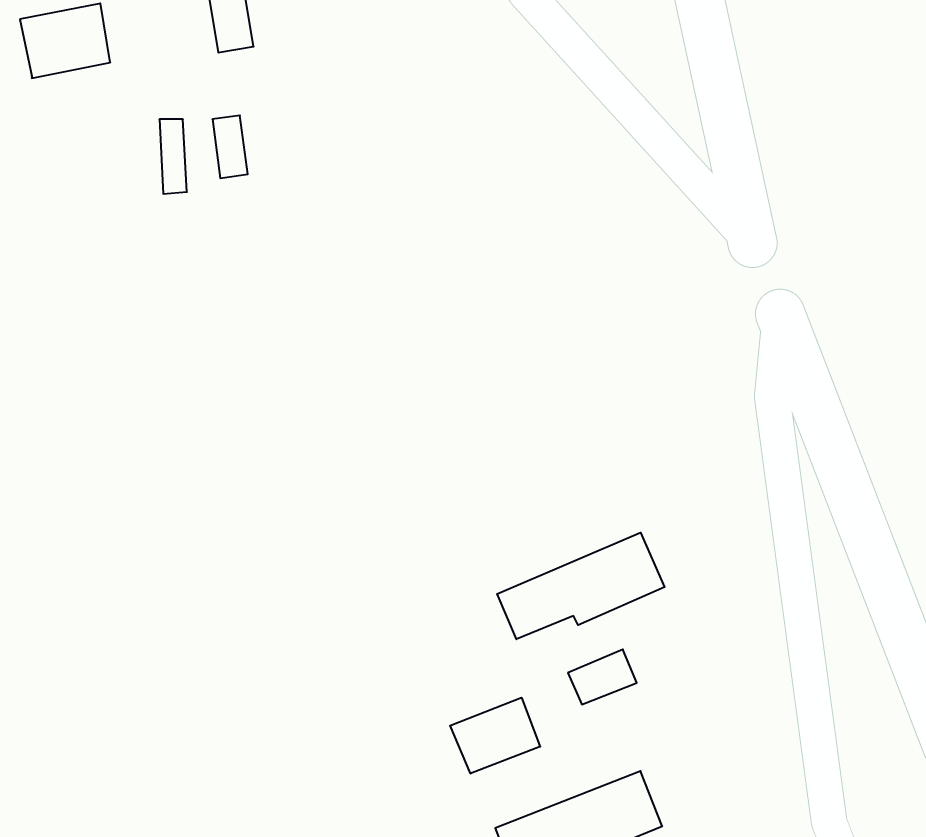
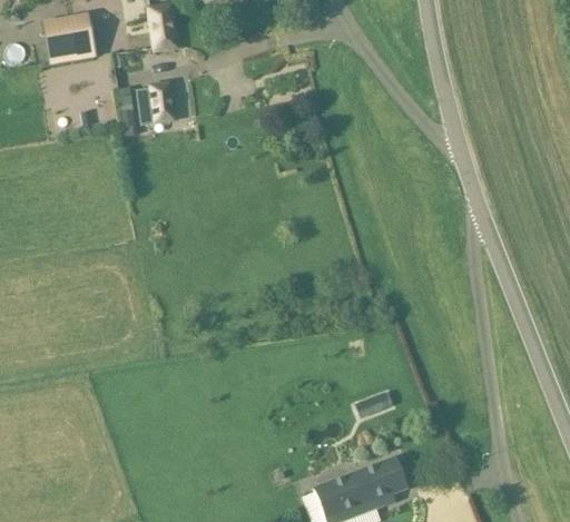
building: [497,533,665,639] -> none
building: [450,698,540,774] -> none

